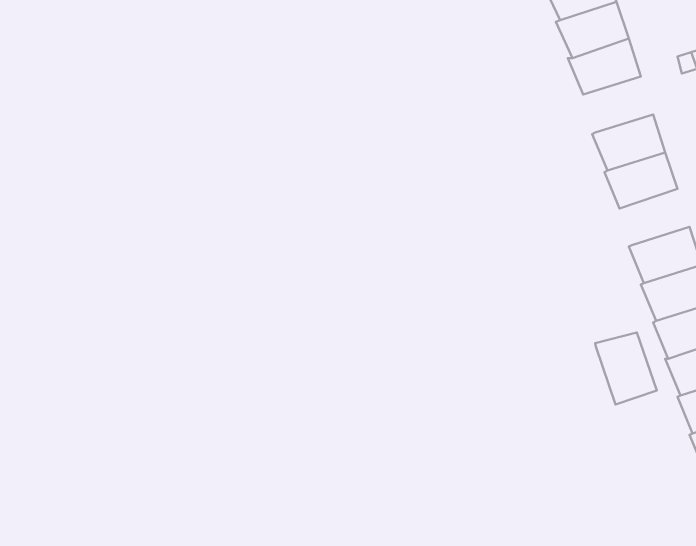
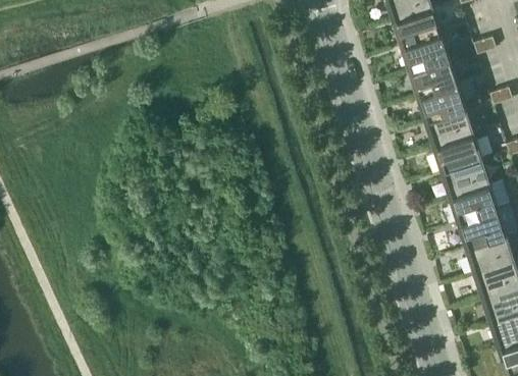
building: none -> [412,55,461,93]
building: none -> [436,130,485,168]
building: [595,333,657,404] -> none

